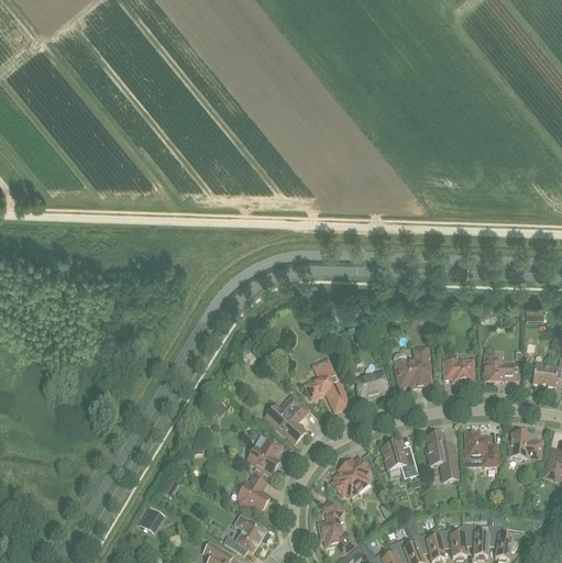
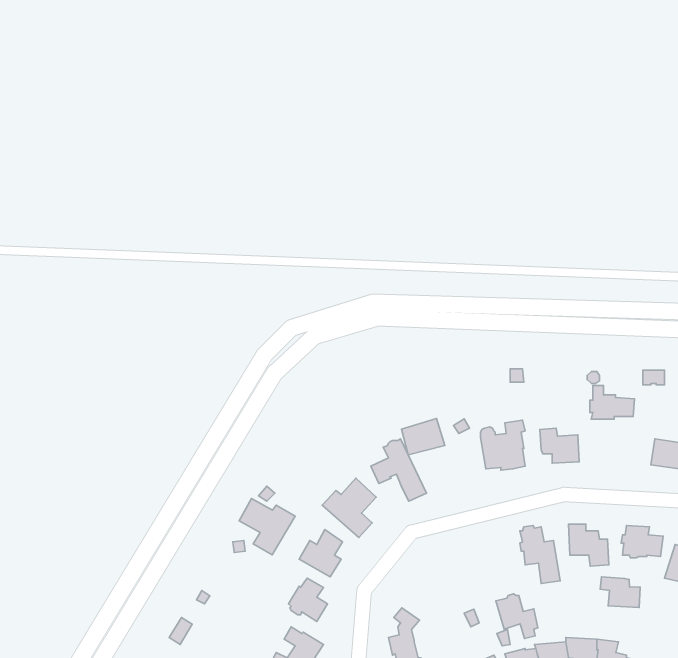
building: [483,353,519,380] -> [590,385,635,419]
building: [354,369,389,399] -> [401,419,445,455]
building: none -> [239,498,295,555]
building: [382,441,416,477] -> [496,594,538,639]
building: [332,456,370,496] -> none
building: none -> [600,577,640,608]

